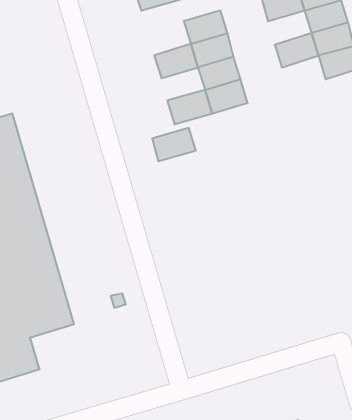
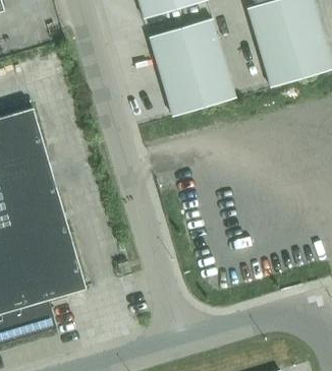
building: none -> [253,18,290,48]
building: none -> [149,27,186,57]
building: none -> [265,57,302,86]
building: [152,128,196,161] -> [161,67,199,96]

